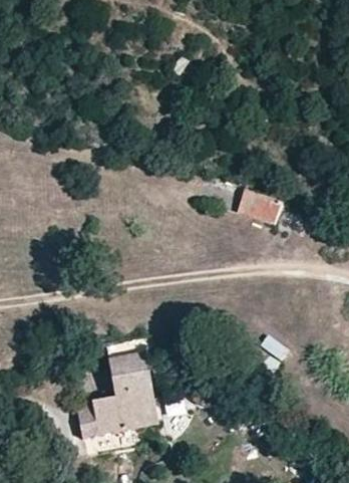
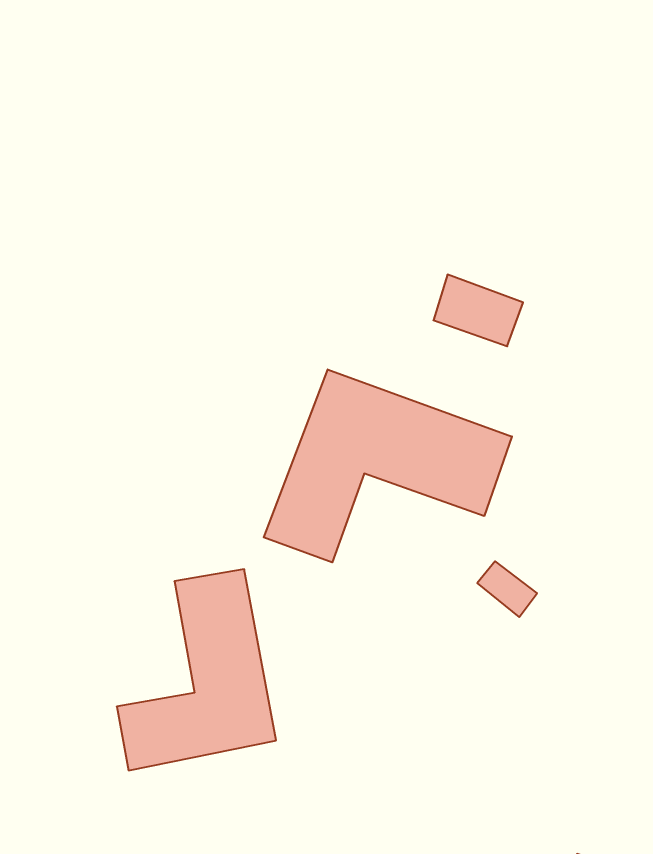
building: none -> [264,369,512,562]

